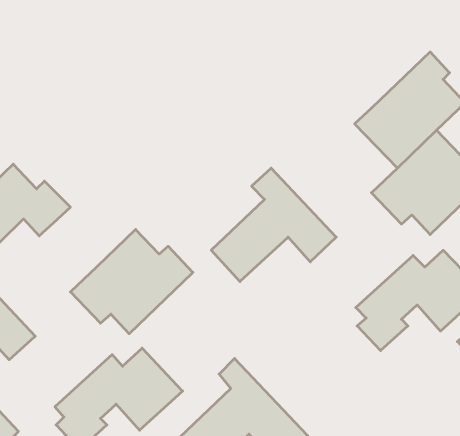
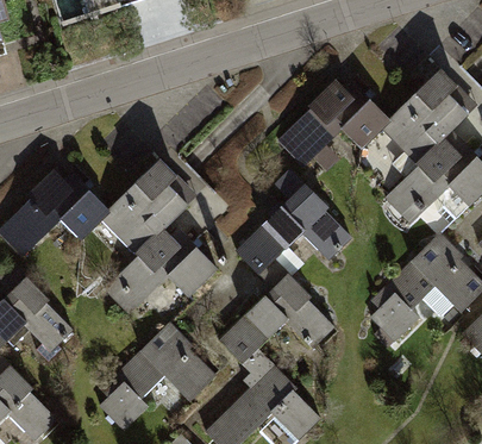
building: none -> [268,81,383,173]
building: none -> [93,160,194,265]
building: none -> [220,264,336,363]

